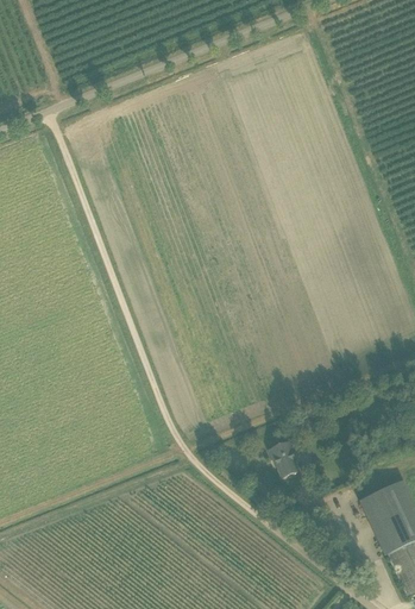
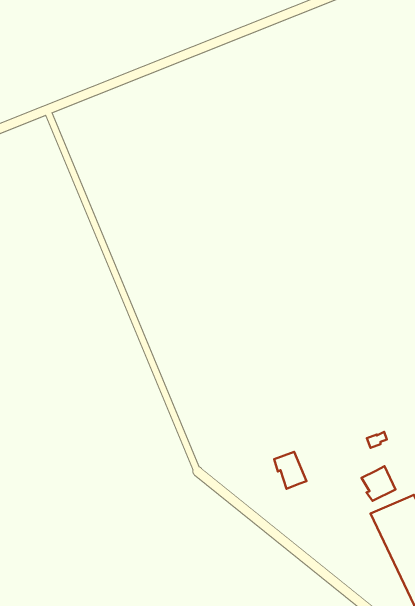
building: none -> [361,466,395,501]

